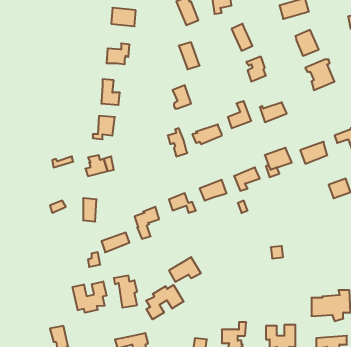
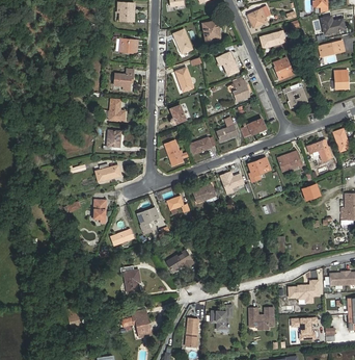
building: [73,281,106,313] -> none
building: [146,285,184,319] -> none

